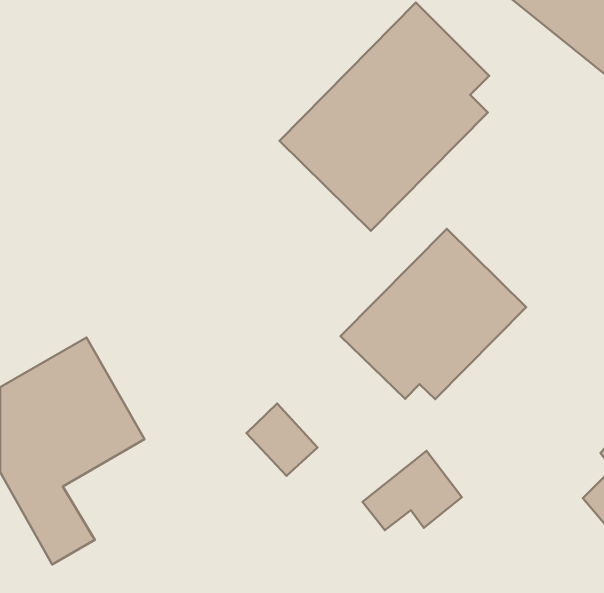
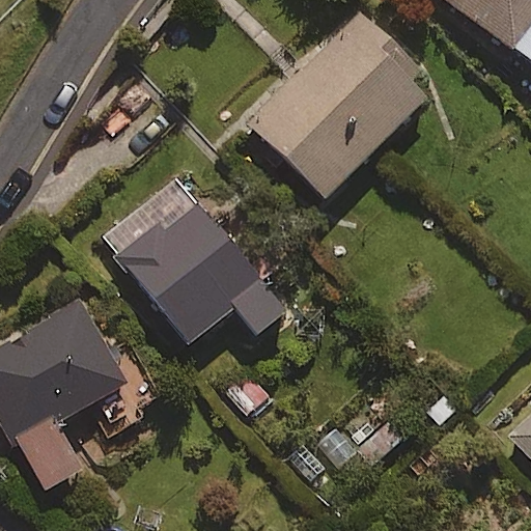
building: none -> [101,171,286,346]
building: [341,229,526,399] -> none

